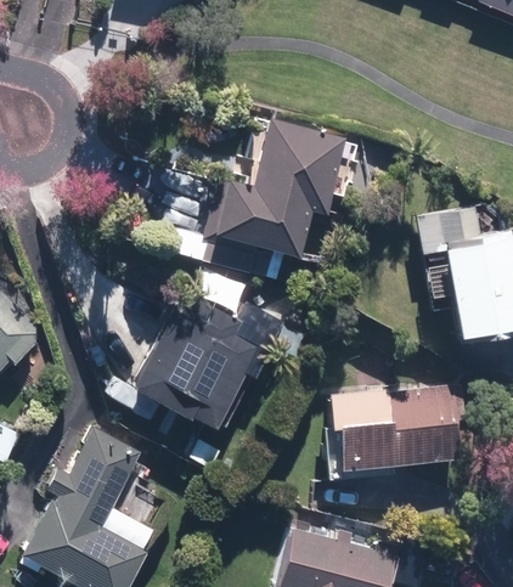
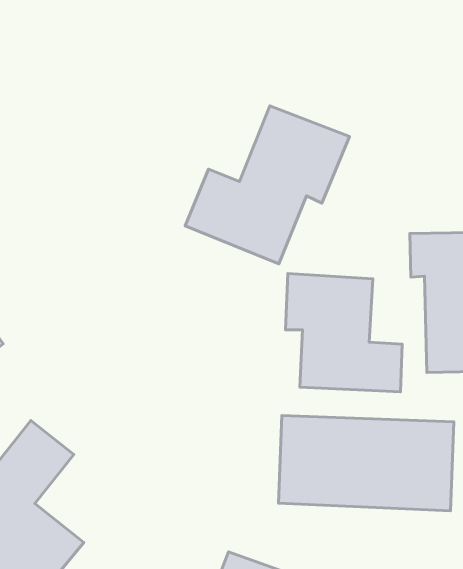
building: none -> [286,274,402,392]
building: [133,303,256,430] -> none

